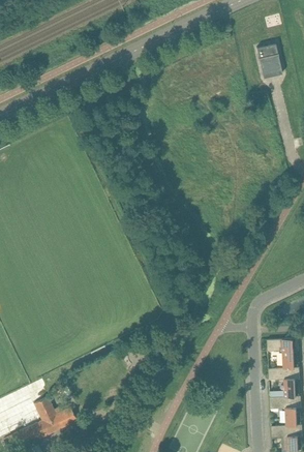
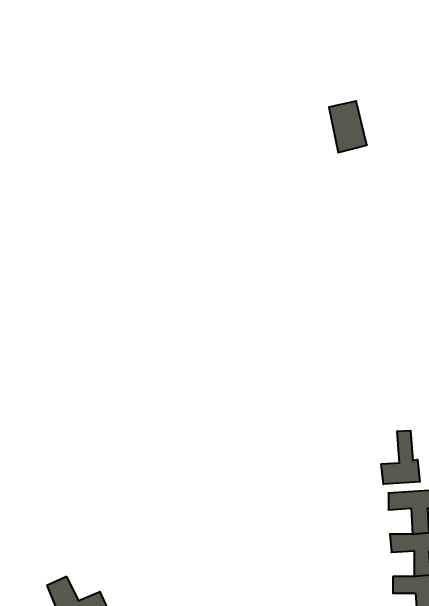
building: [255,43,281,79] -> [329,101,367,153]
building: none -> [381,431,420,484]

